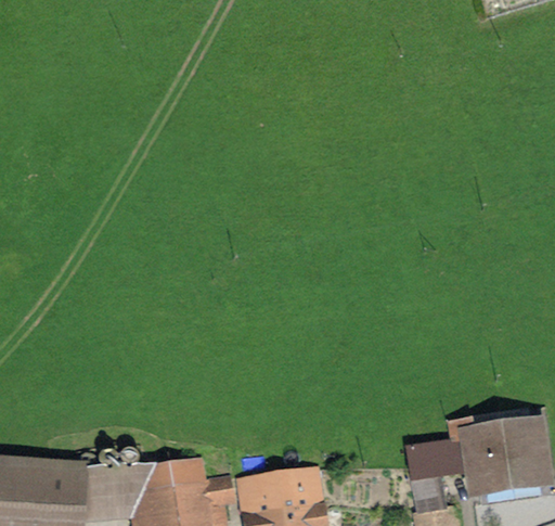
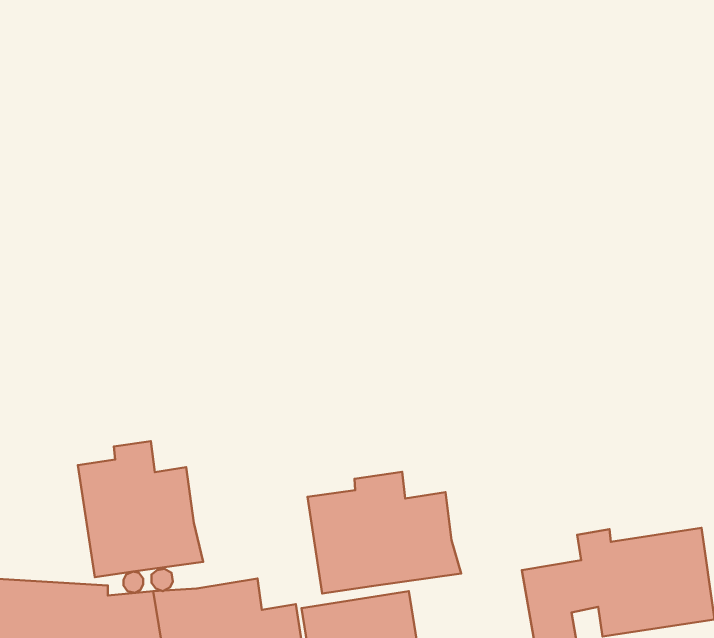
building: none -> [78,441,203,577]
building: none -> [308,472,461,593]

